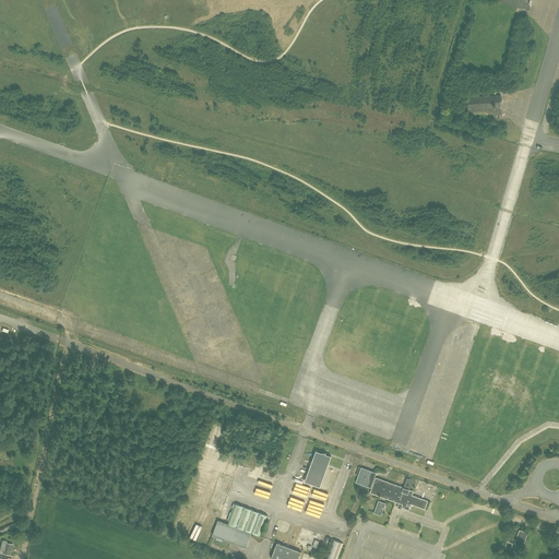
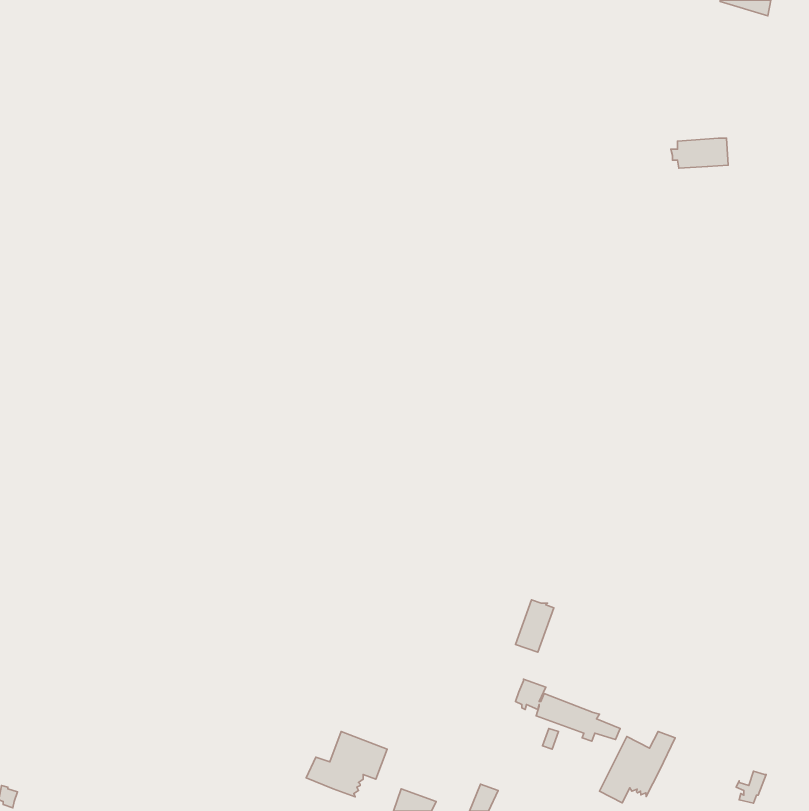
building: [304,451,330,487] -> [516,600,554,652]
building: none -> [600,732,675,803]

